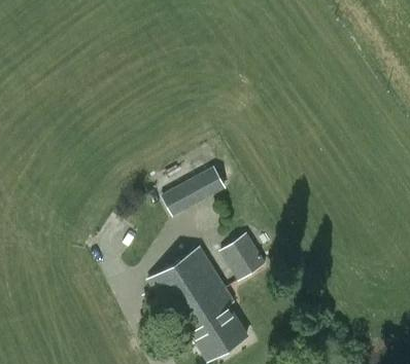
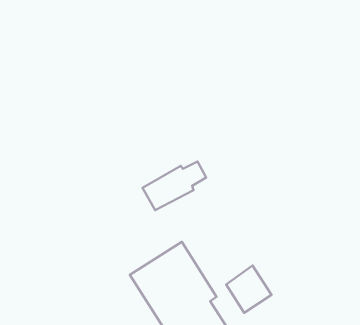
building: [221,232,266,279] -> [226,265,272,313]

